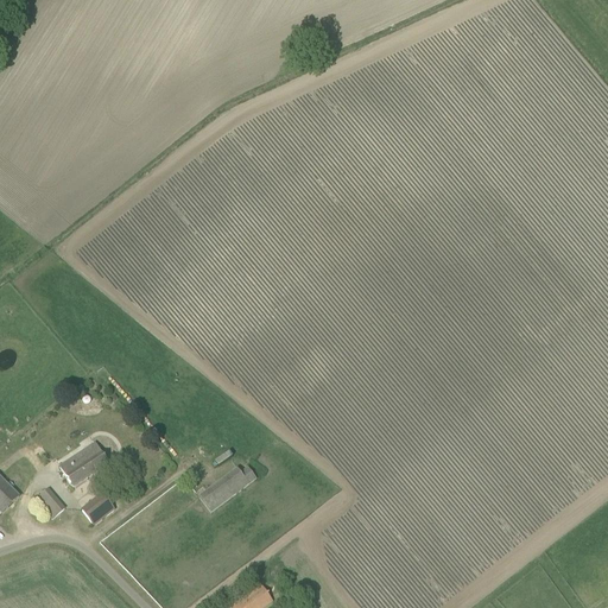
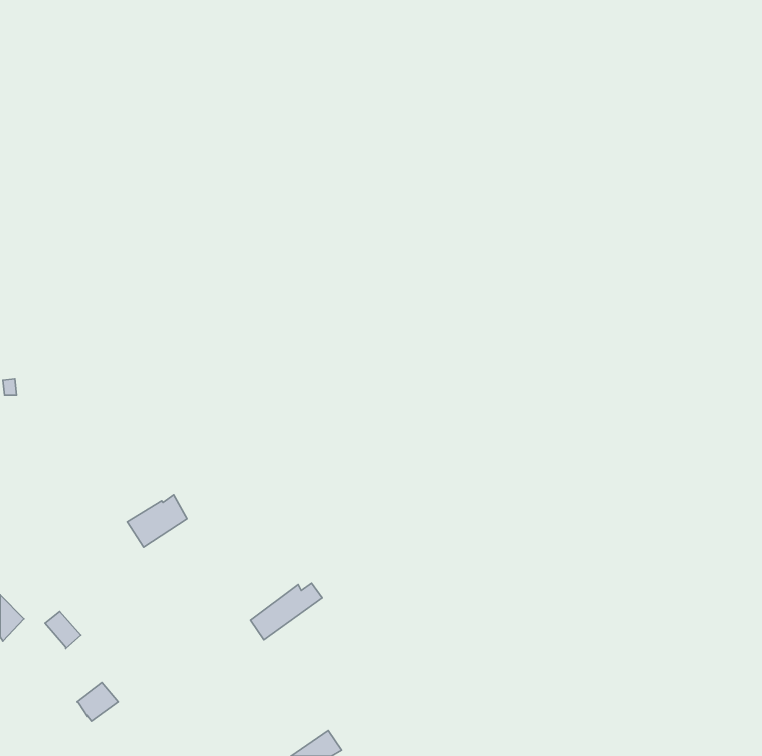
building: [59,442,107,483] -> [128,495,187,547]
building: [82,492,115,522] -> [77,682,119,721]

